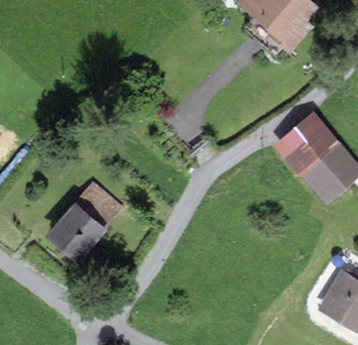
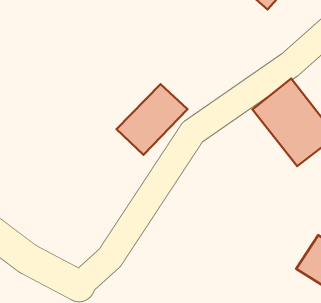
building: [44,188,116,259] -> [117,84,187,155]

